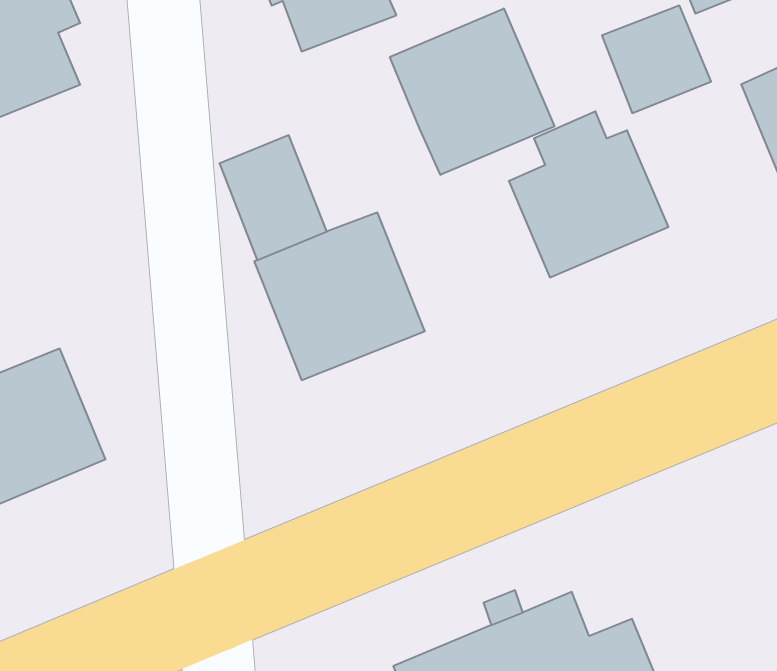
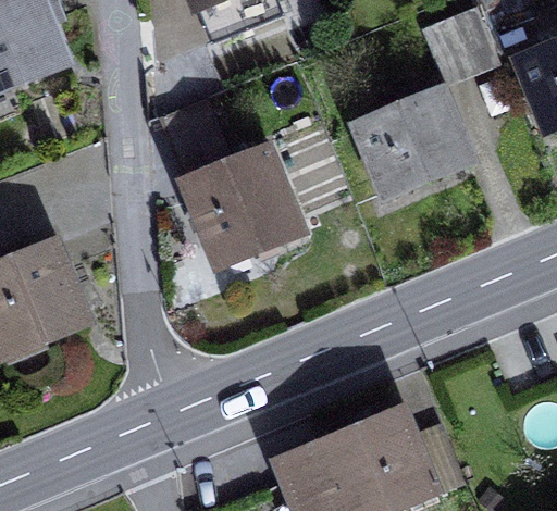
building: [390,8,554,175] -> none

